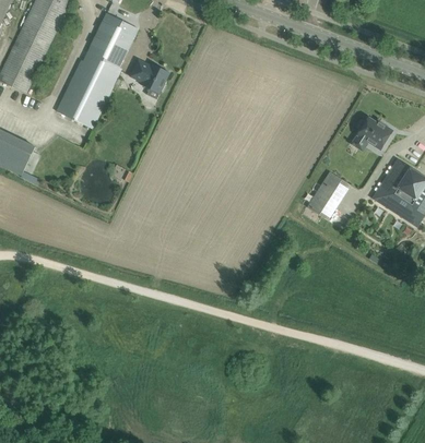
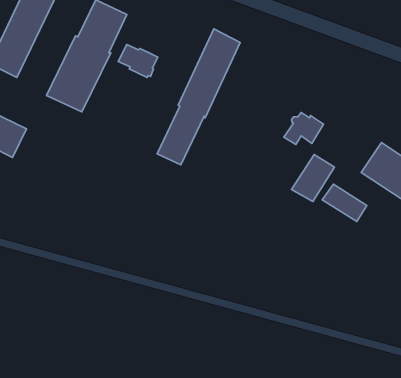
building: none -> [157,29,240,165]
building: [351,118,391,151] -> [284,112,323,145]
building: none -> [322,184,367,222]

